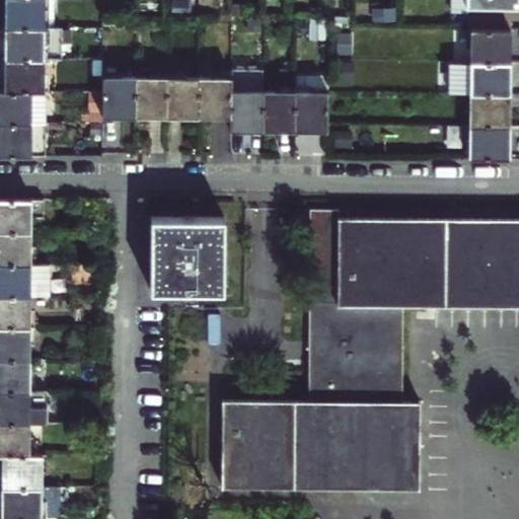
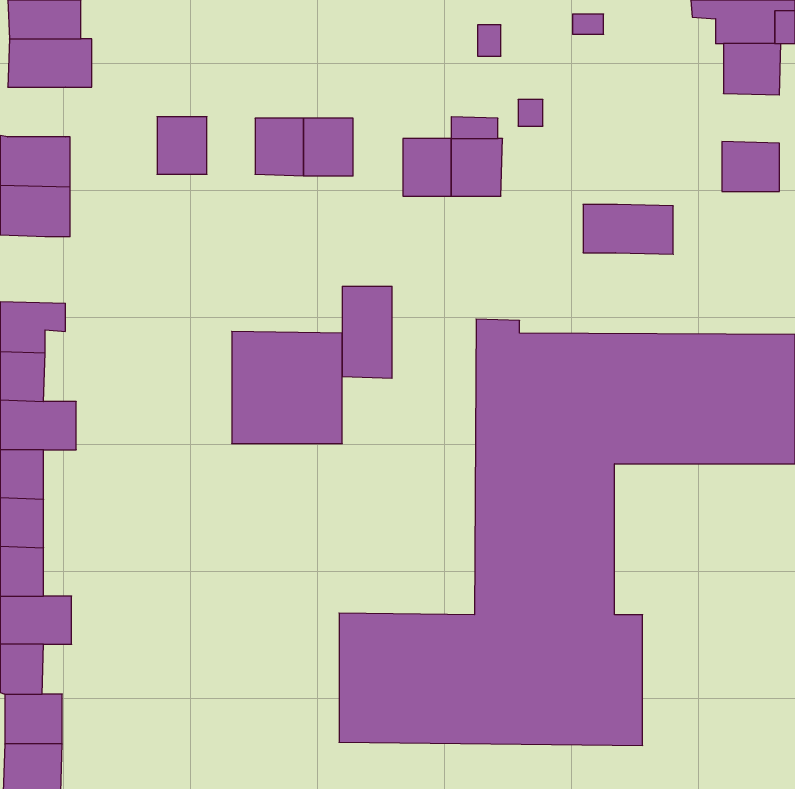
building: [5,61,43,93] -> none
building: [449,65,508,97] -> [583,204,673,254]
building: [135,70,166,118] -> none
building: [230,72,263,132] -> [342,286,392,378]
building: [470,129,508,161] -> none

